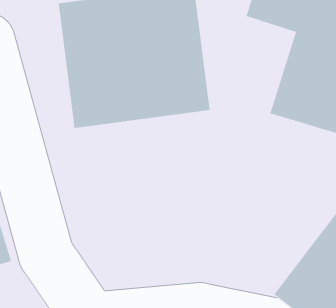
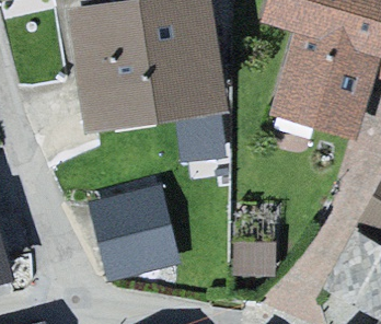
building: none -> [83,174,185,283]

